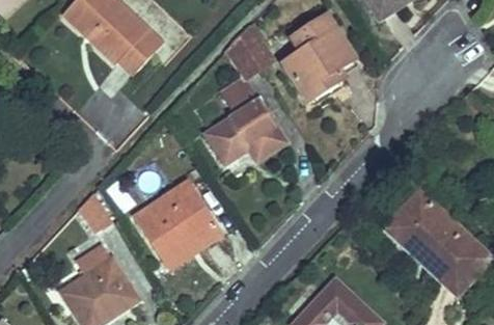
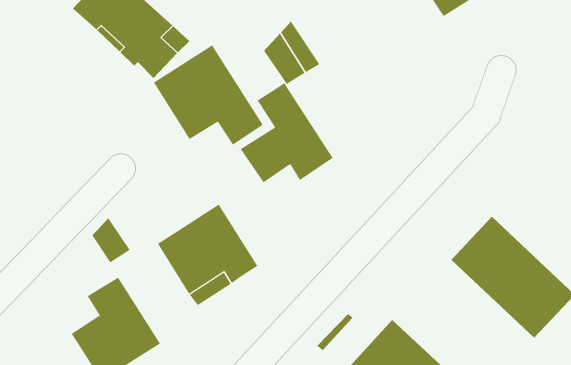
building: [283,16,355,102] -> none
building: none -> [153,45,264,146]

